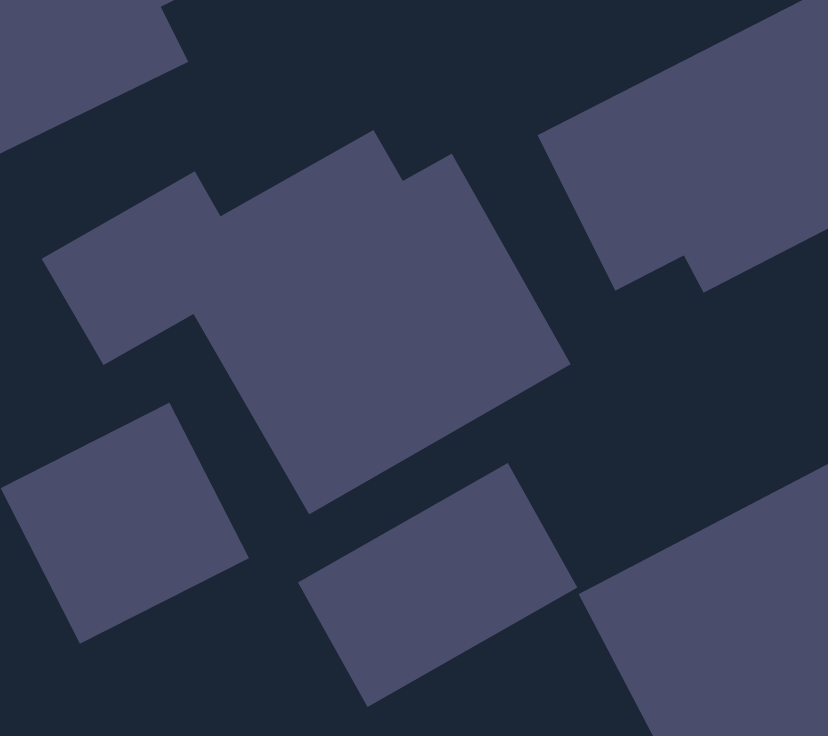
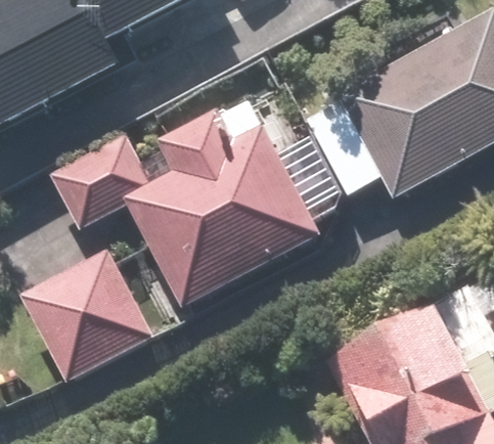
building: [297,462,579,708] -> none

